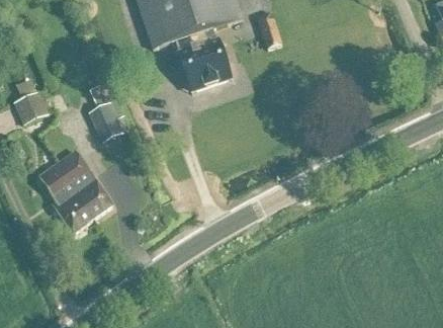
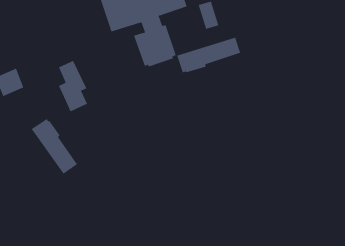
building: none -> [176,37,241,73]
building: [39,162,96,232] -> none

